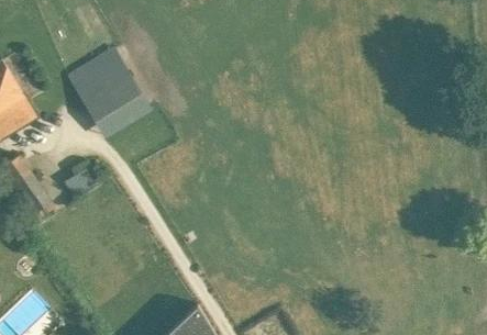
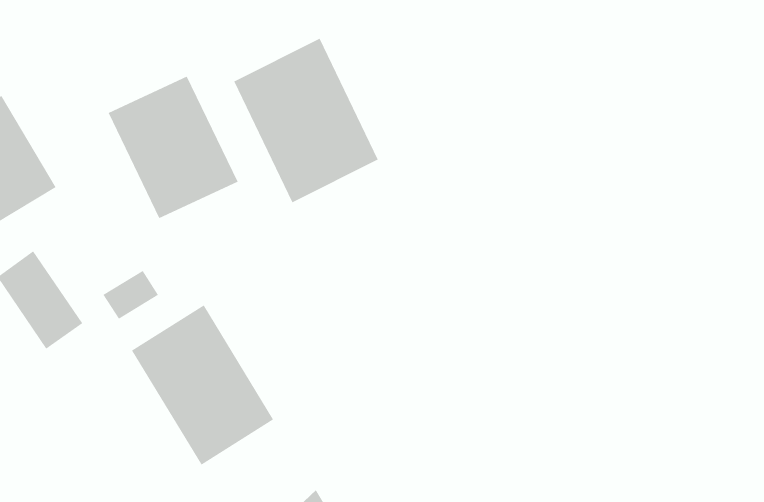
building: none -> [233,38,379,203]
building: none -> [131,305,274,466]

